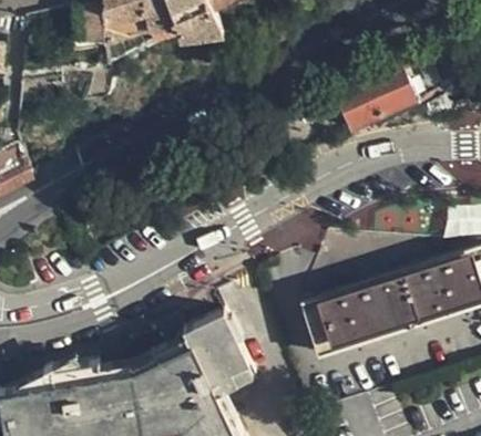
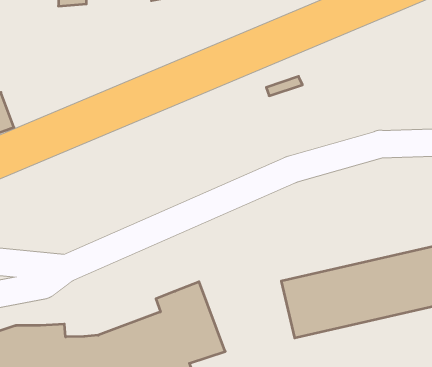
building: [336,66,421,134] -> none

